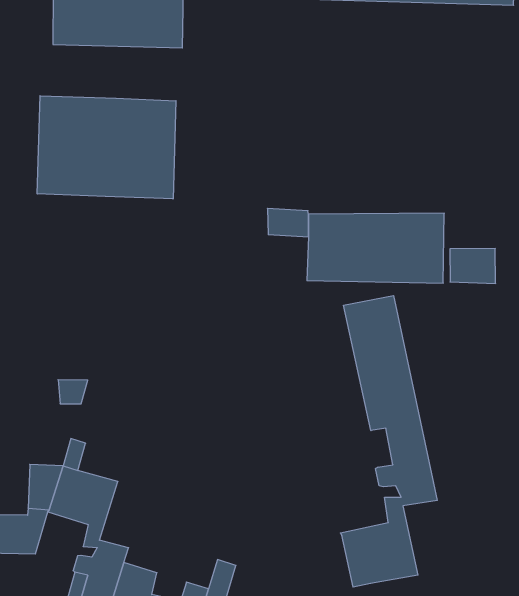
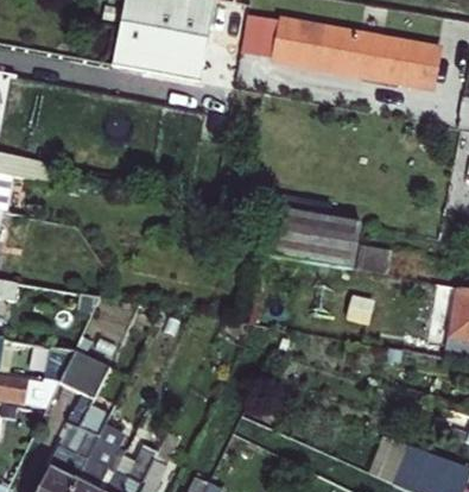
building: [37,96,176,199] -> none
building: [340,296,437,587] -> none

